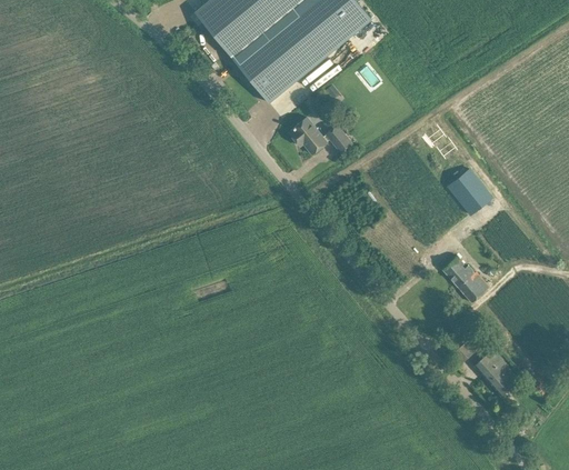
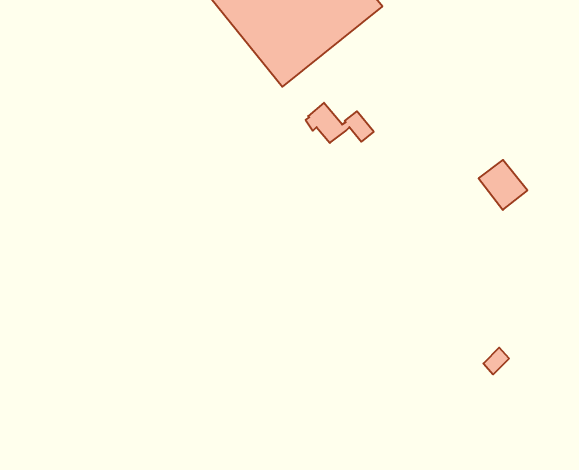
building: [443,257,490,303] -> none
building: [476,349,515,397] -> none

